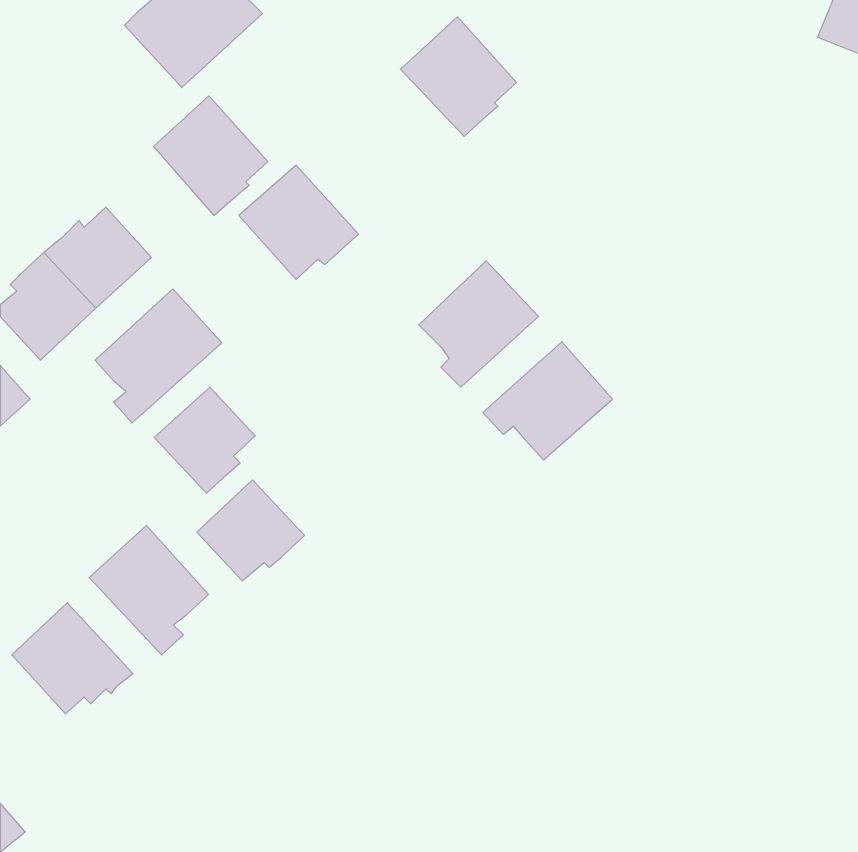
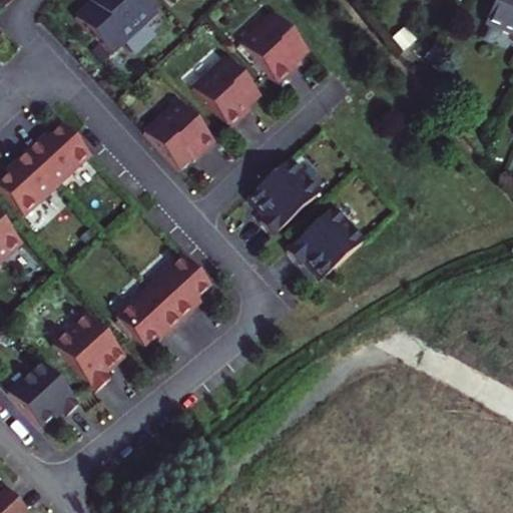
building: [153,96,268,215] -> [192,54,261,125]
building: [95,289,222,423] -> none
building: [154,387,255,493] -> [151,255,211,319]

